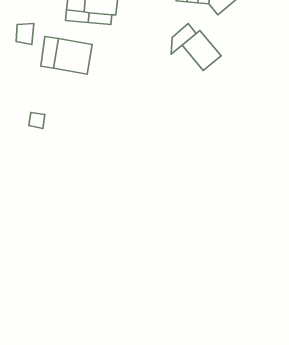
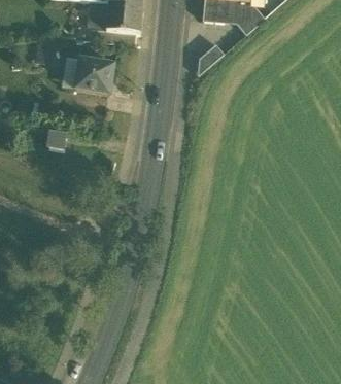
building: [182,31,221,71] -> none

